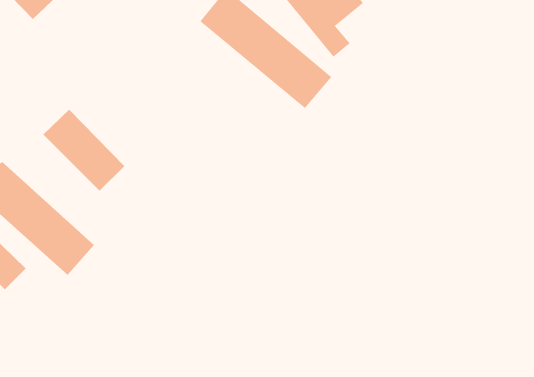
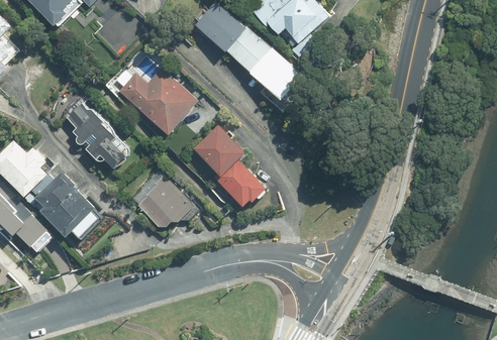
building: none -> [115,66,199,133]
building: none -> [196,124,267,208]
building: none -> [129,172,195,235]

